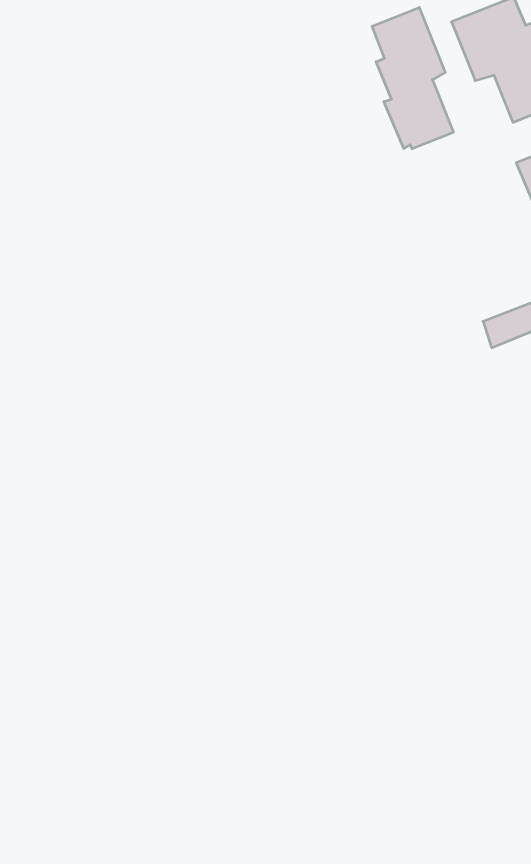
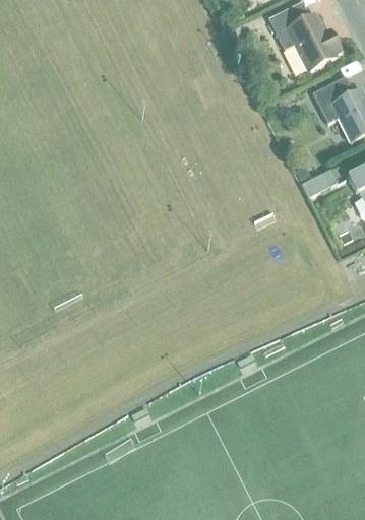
building: [372,7,453,149] -> none

